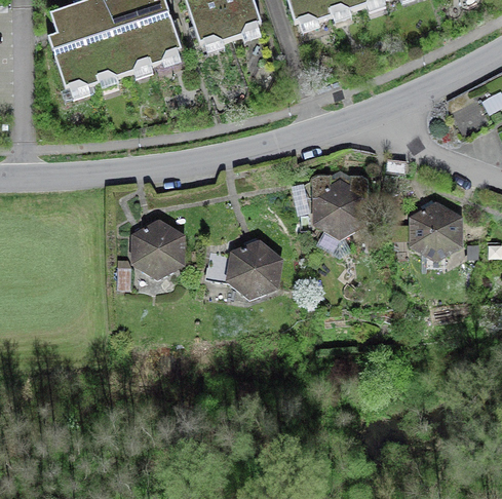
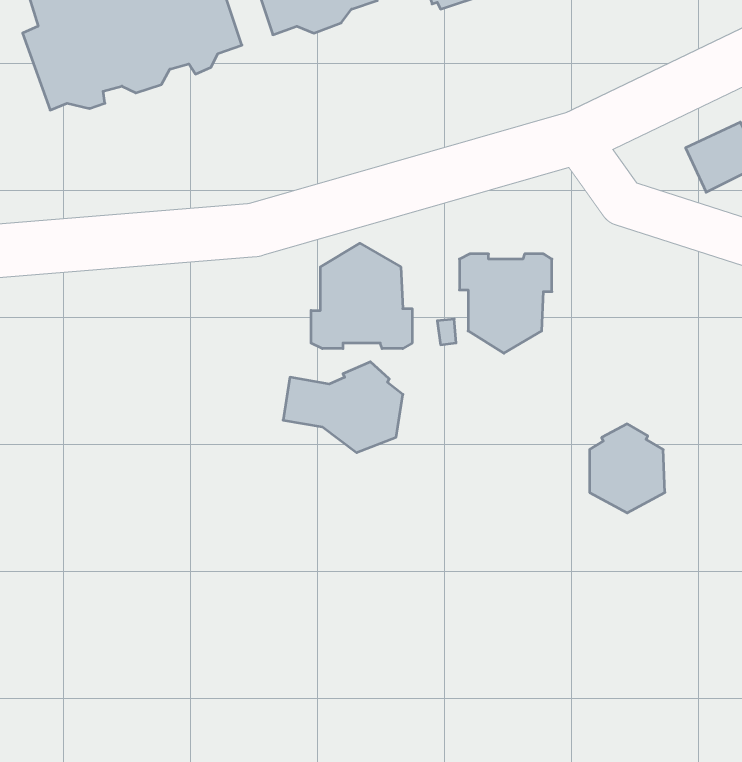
building: none -> [311,243,412,349]
building: [414,202,459,256] -> [590,424,665,513]
building: [136,220,181,274] -> none

